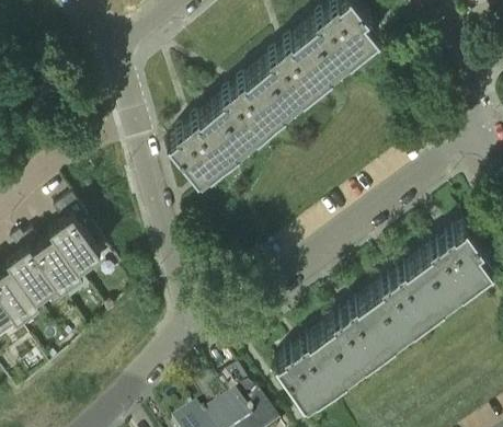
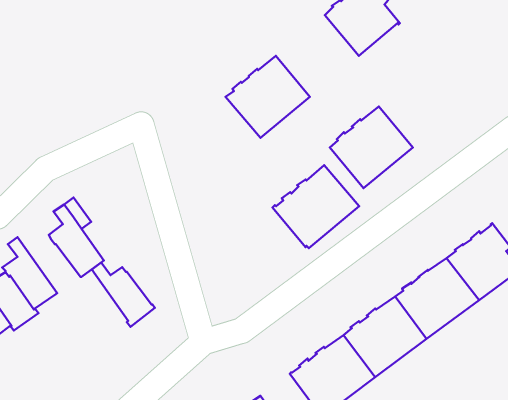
building: [263,27,341,104] -> [330,106,413,188]
building: [168,104,249,182] -> [273,165,359,248]
building: [24,233,83,293] -> [92,262,155,327]

